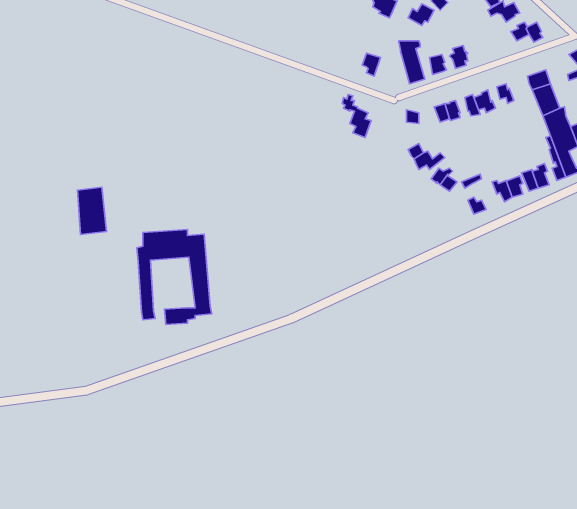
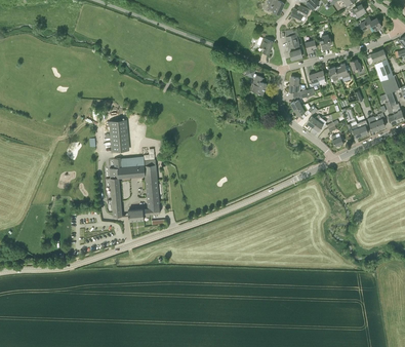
building: [77,187,107,235] -> [110,121,129,153]

